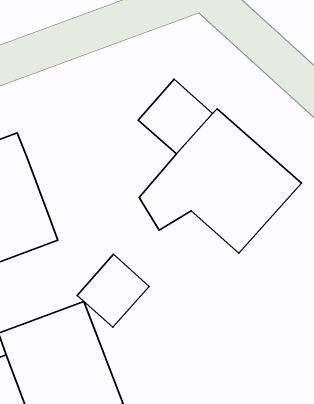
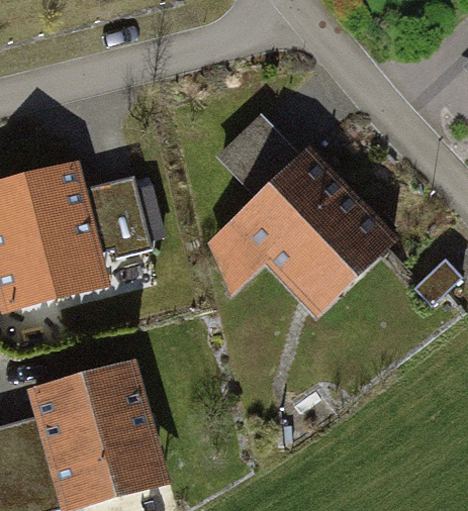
building: none -> [82,174,153,262]
building: [77,254,149,327] -> none

